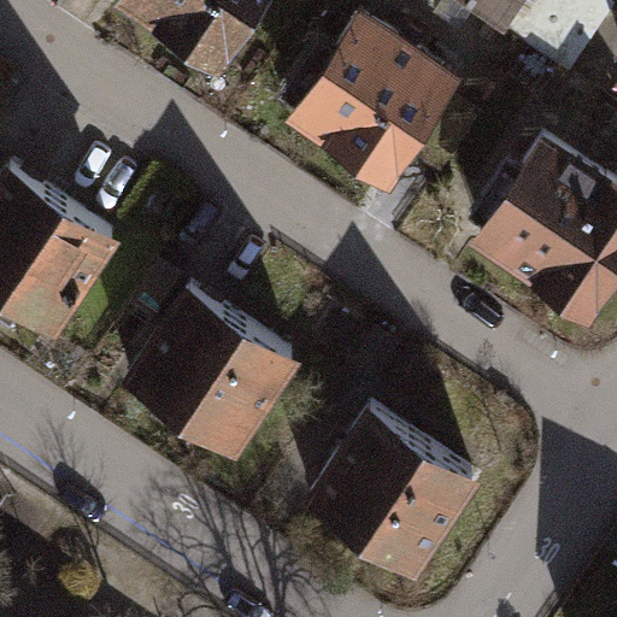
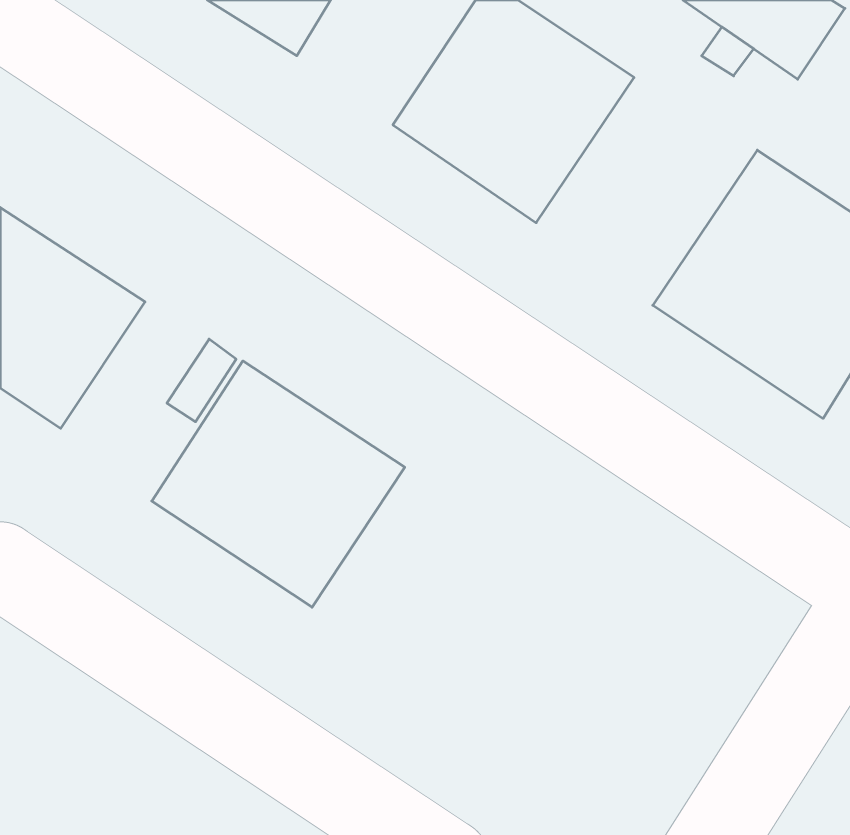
building: [305,404,477,569] -> none

